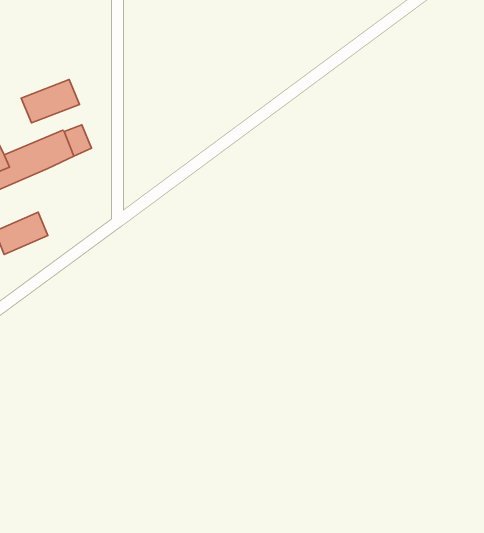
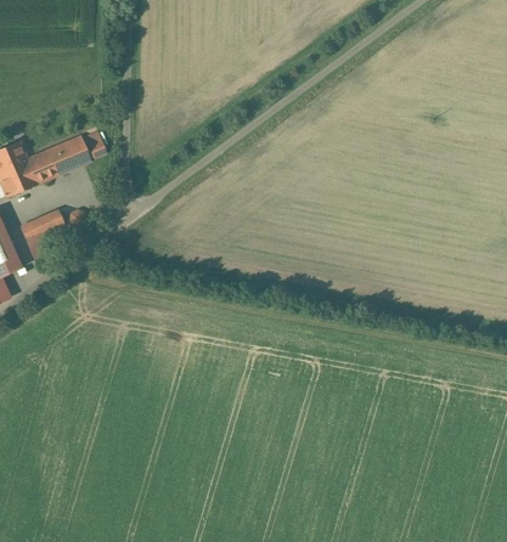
building: [21,79,79,123] -> none

